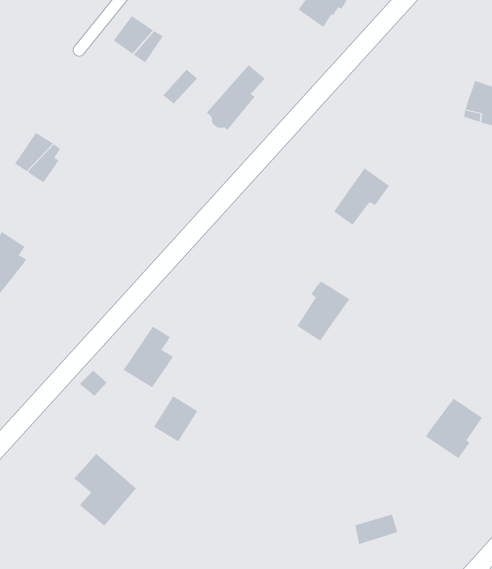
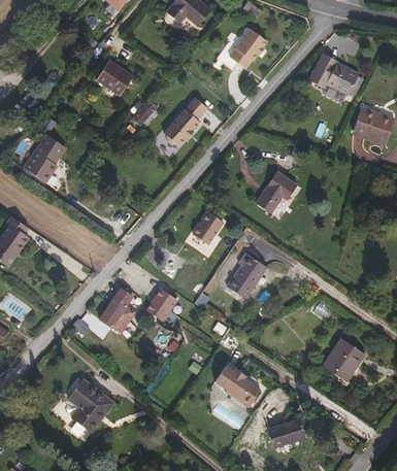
building: none -> [324,54,358,94]
building: none -> [194,209,227,244]
building: [153,396,198,442] -> [147,287,180,321]
building: none -> [216,361,266,408]

